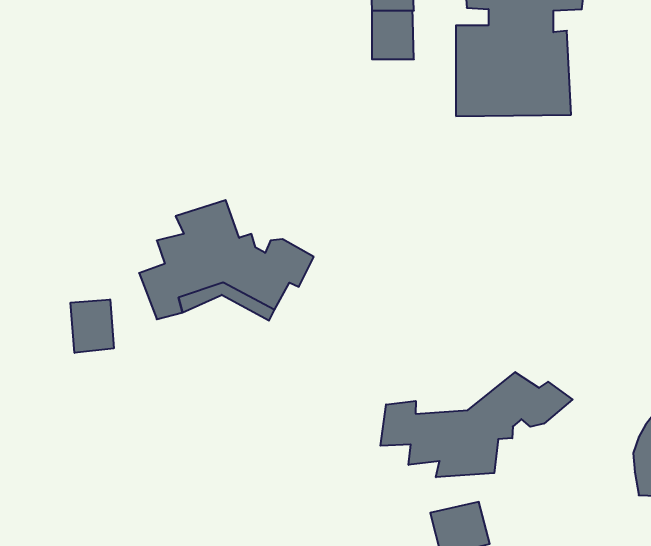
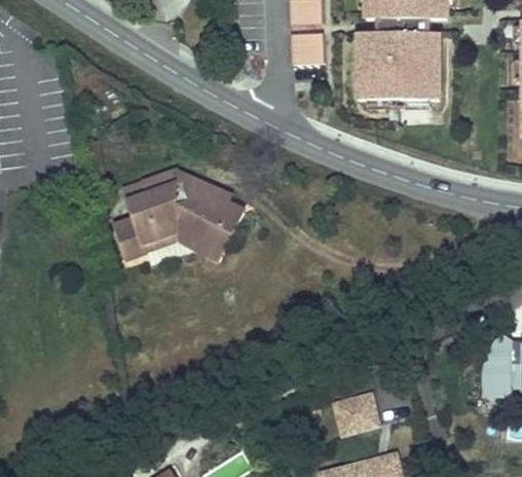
building: [71,299,114,353] -> none
building: [380,372,573,477] -> none

